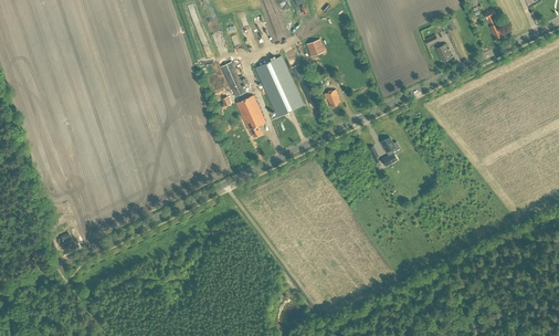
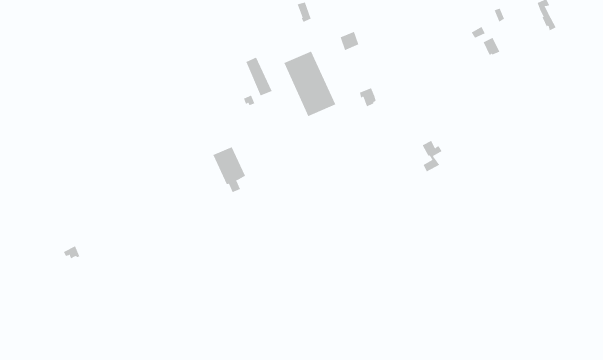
building: [236,95,266,137] -> [213,146,246,193]

